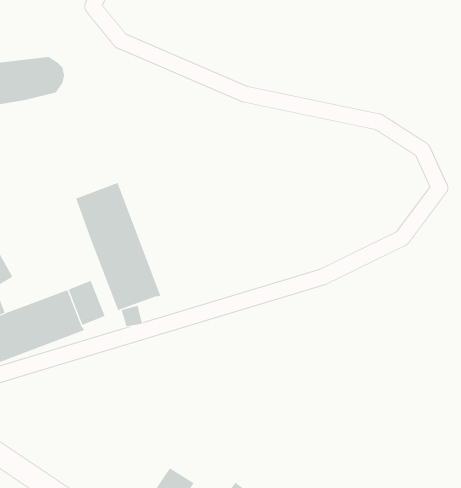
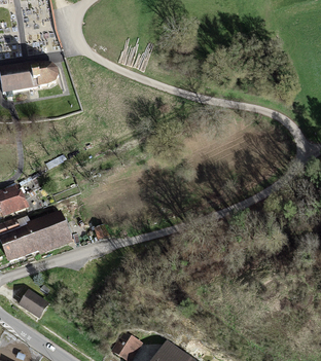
building: [76,182,161,311] -> none
building: none -> [19,288,48,316]

